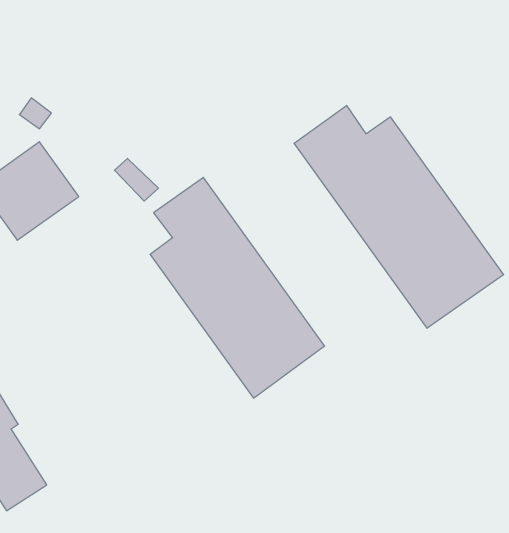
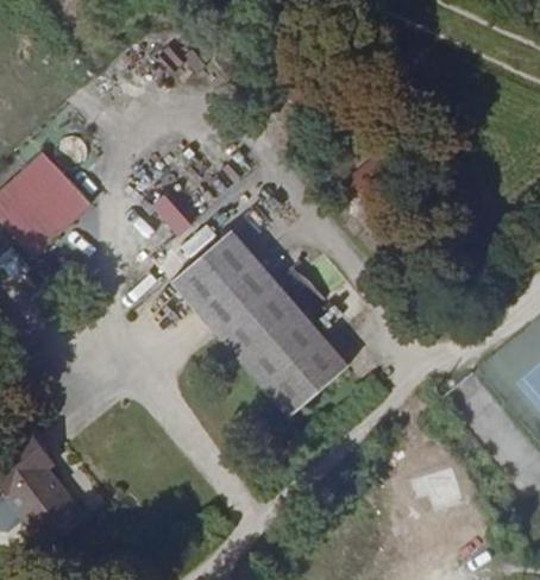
building: [294,105,504,328] -> none

